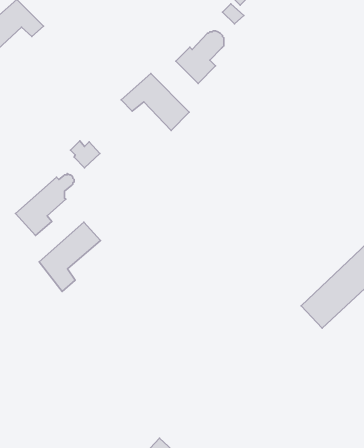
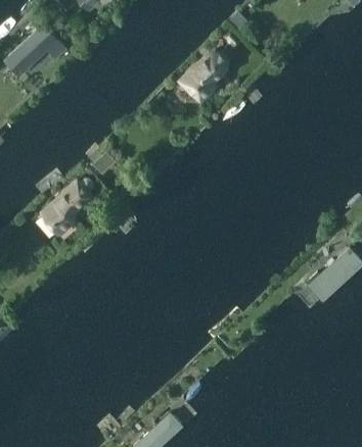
building: [121,74,189,131] -> none
building: [39,222,100,292] -> none

